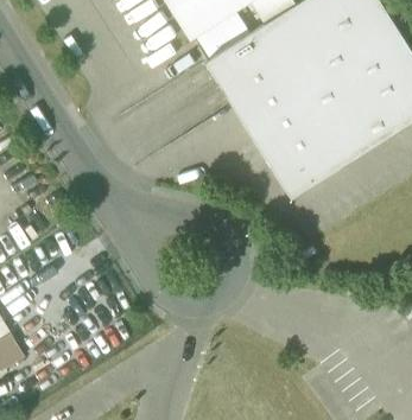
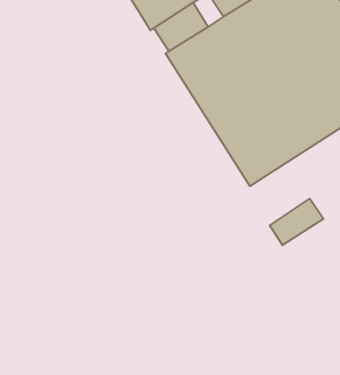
building: none -> [270,199,323,245]

